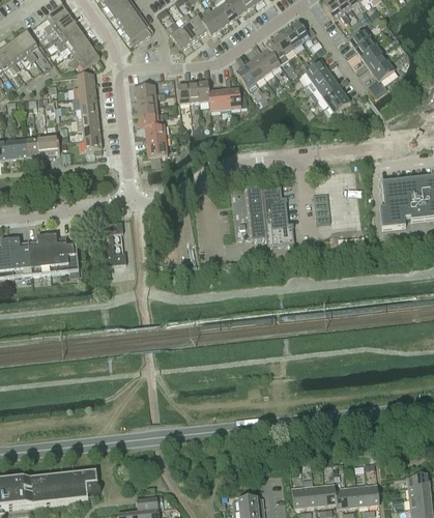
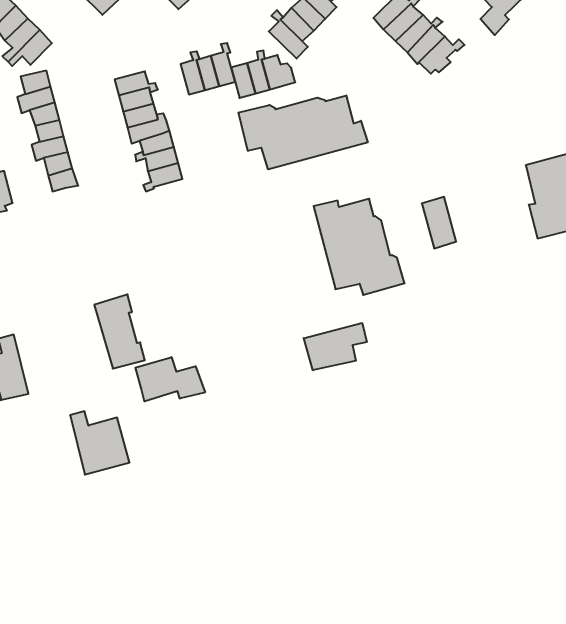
building: none -> [238,95,368,169]
building: [47,233,79,272] -> [70,411,130,475]
building: none -> [304,323,367,370]
building: none -> [135,357,205,401]

